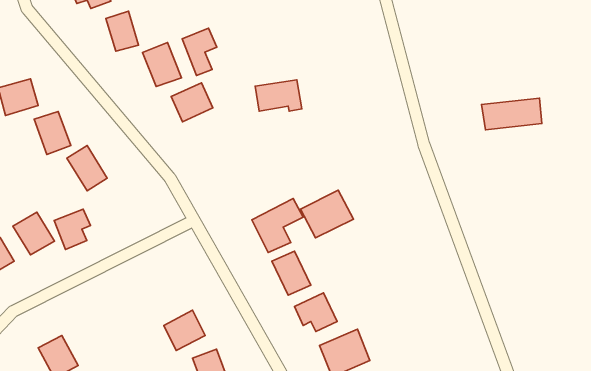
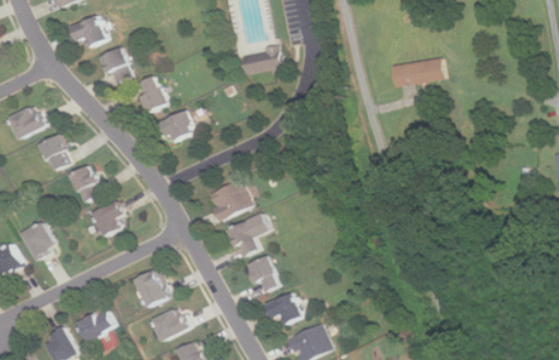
building: [182,28,217,75] -> none
building: [255,80,302,111] -> [240,46,281,73]
building: [482,98,542,130] -> [390,58,442,85]
building: [301,190,353,238] -> [204,179,250,220]
building: [54,209,91,249] -> [92,201,123,236]
building: none -> [132,268,167,308]
building: none -> [78,313,112,340]

